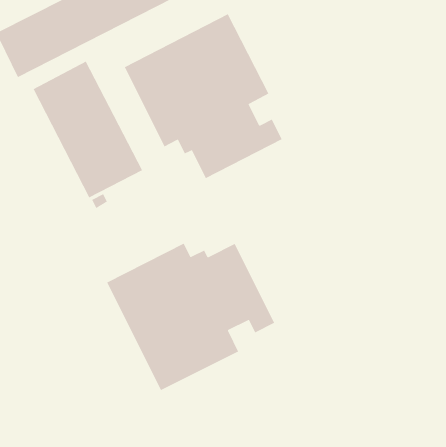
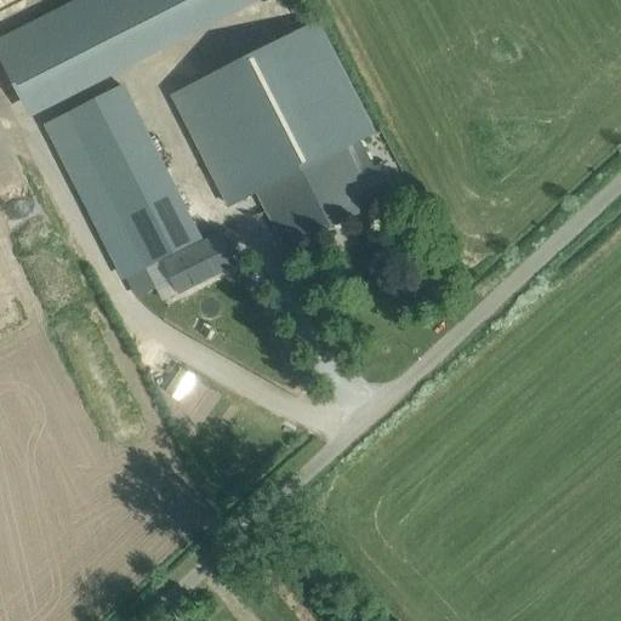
building: none -> [160,230,234,291]
building: [106,242,275,391] -> none

